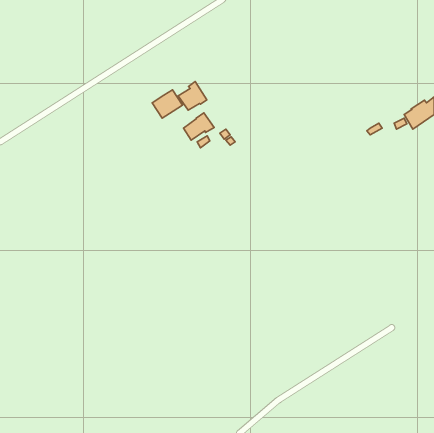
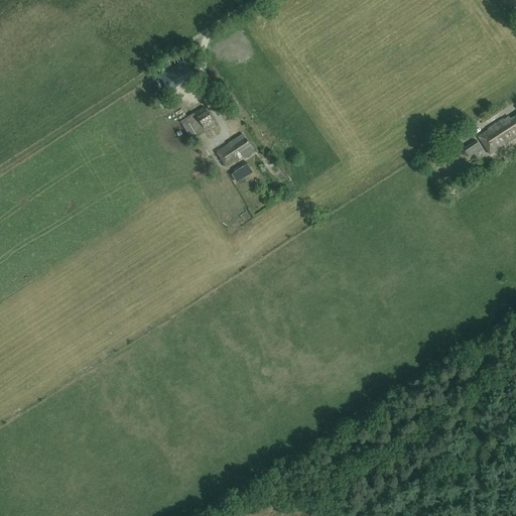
building: [178,81,207,110] -> none

